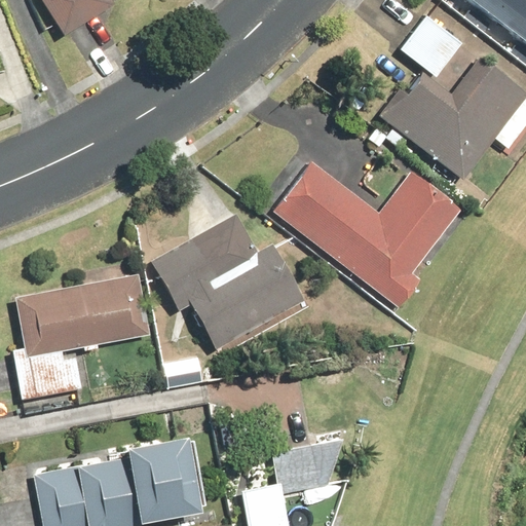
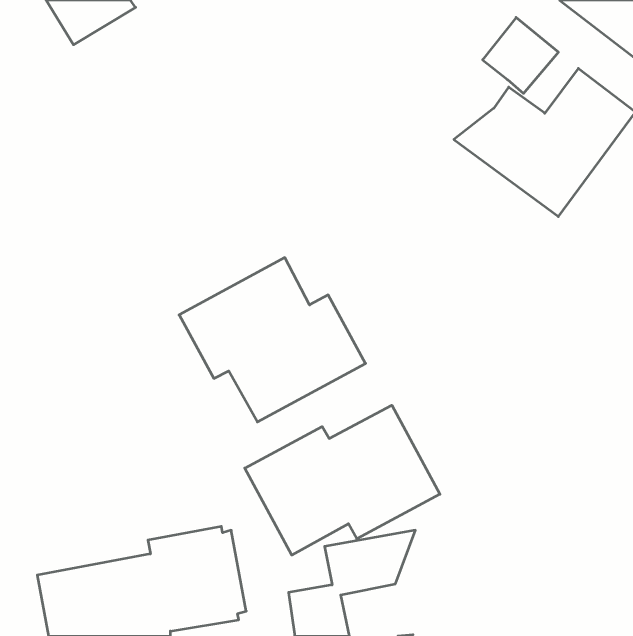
building: [272,160,462,307] -> none
building: [13,272,152,400] -> none
building: none -> [245,405,440,555]

